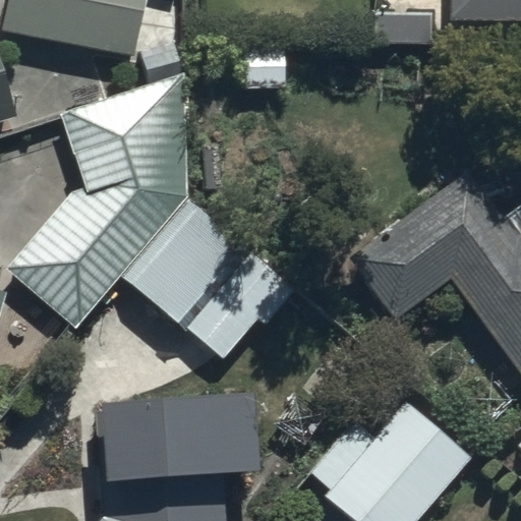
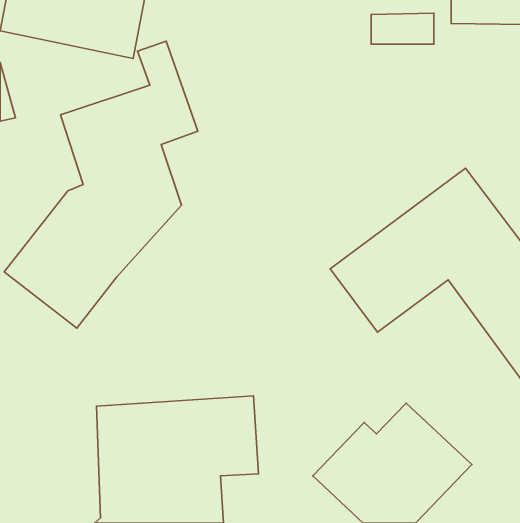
building: [120,204,296,359] -> none

